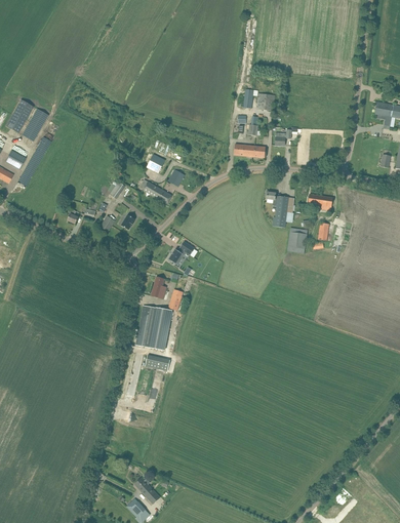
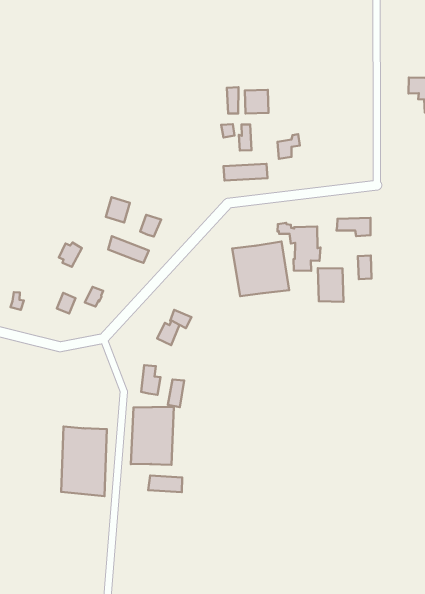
building: none -> [232,241,289,296]
building: none -> [61,426,107,496]

